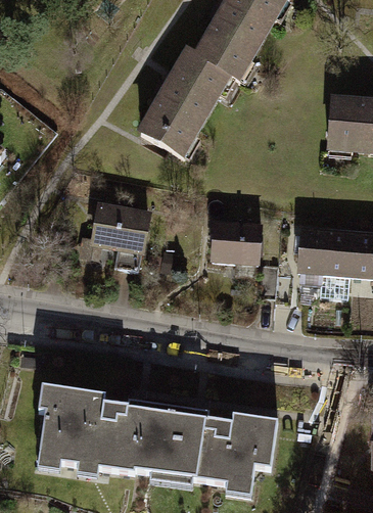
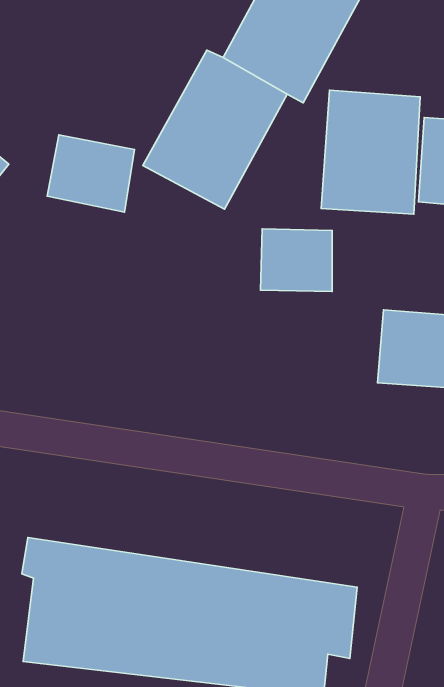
building: none -> [321,90,420,214]
building: [89,200,150,254] -> [47,135,135,212]
building: [212,221,262,265] -> [261,229,332,292]

